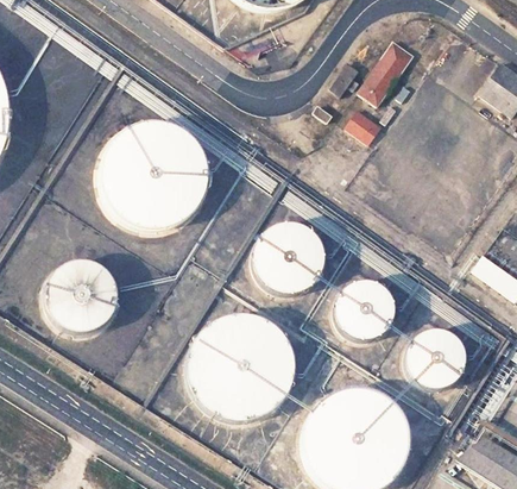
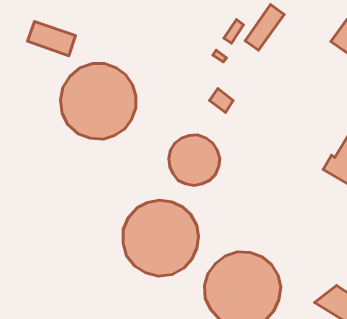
building: none -> [27,22,76,56]
building: [347,108,380,142] -> [209,89,233,112]
building: [44,259,116,332] -> none
building: [334,281,393,339] -> none
building: [408,330,464,385] -> none

